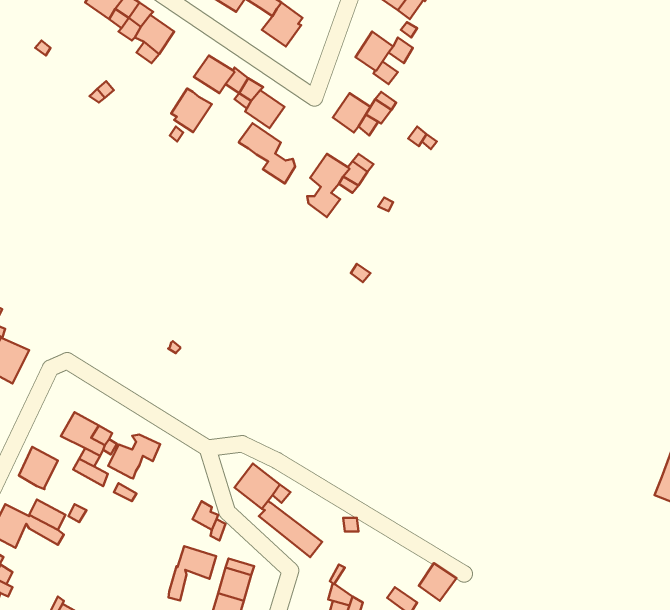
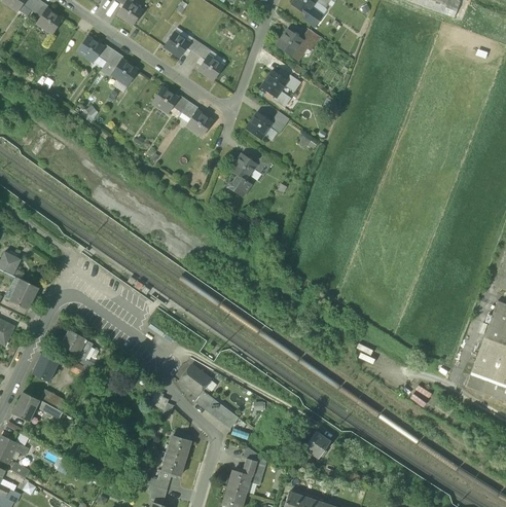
building: [171,88,212,132] -> none
building: [239,123,295,183] -> none
building: [108,434,160,479] -> none
building: [168,546,216,601] -> none

